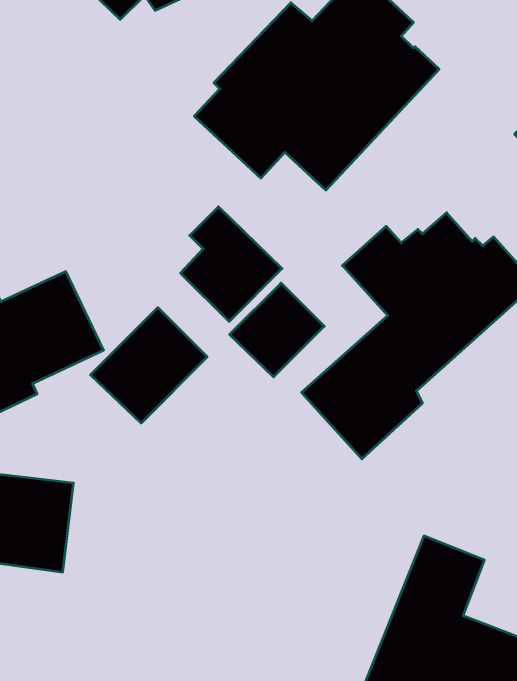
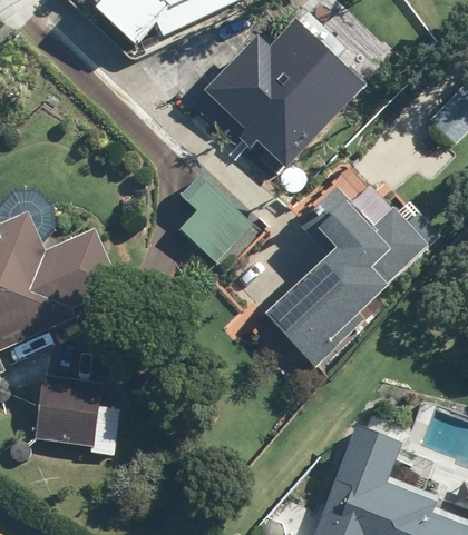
building: [230,283,324,377] -> none
building: [91,308,207,423] -> none

